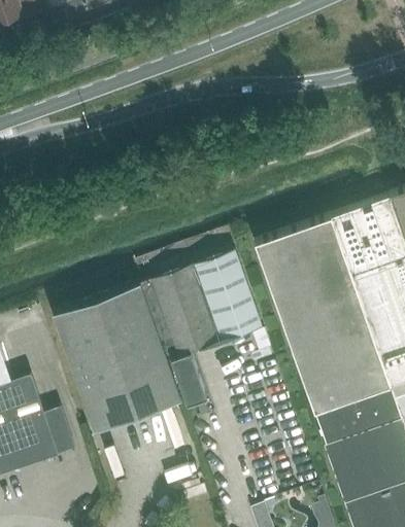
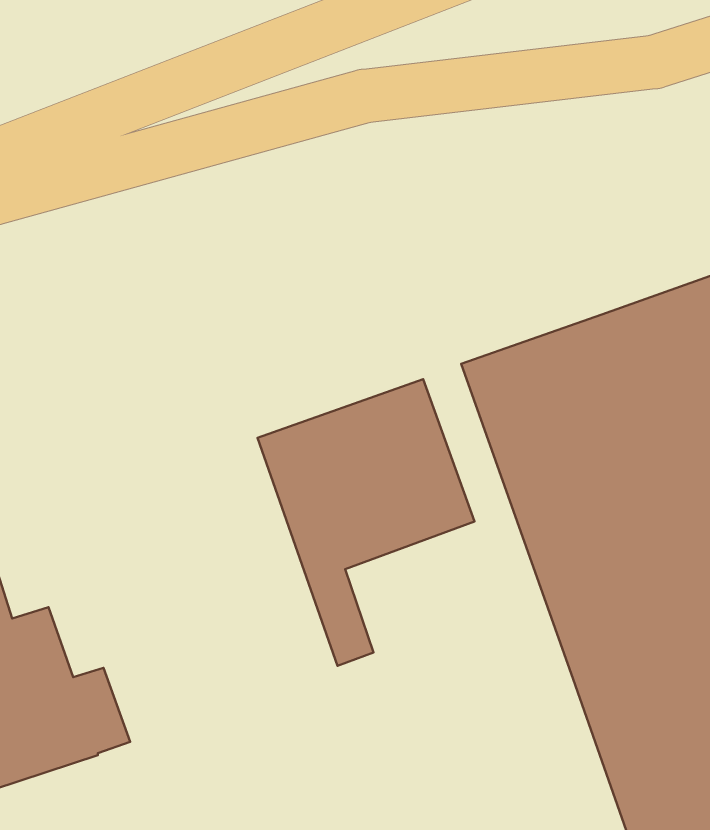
building: [52,285,180,432] -> none

